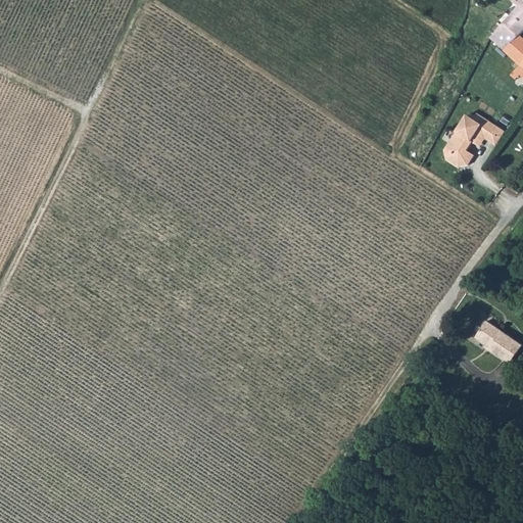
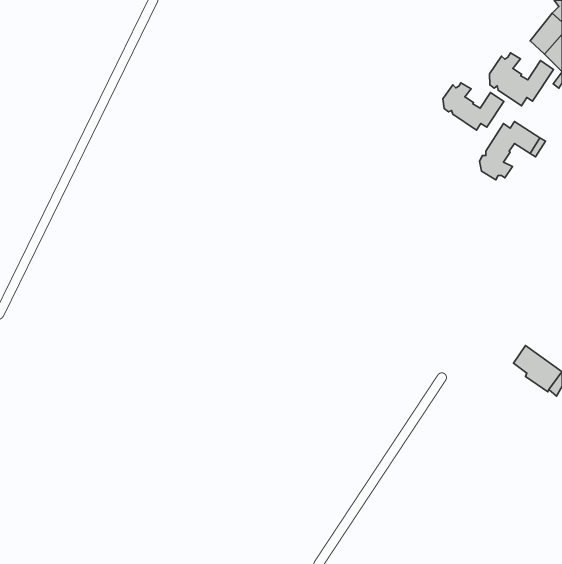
building: none -> [490,53,554,106]
building: none -> [443,83,504,130]

